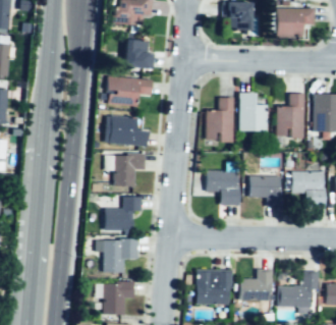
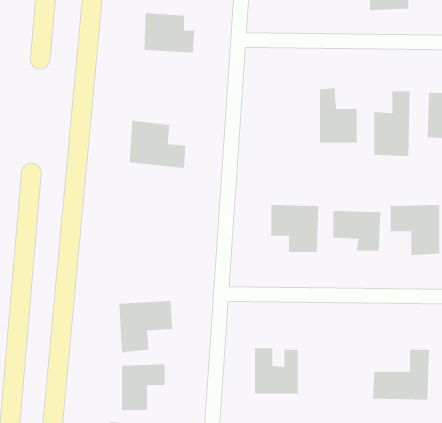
building: [108,78,152,105] -> none
building: [205,96,233,144] -> none
building: [114,154,144,188] -> none
building: [106,198,144,230] -> none
building: [240,272,272,302] -> none

